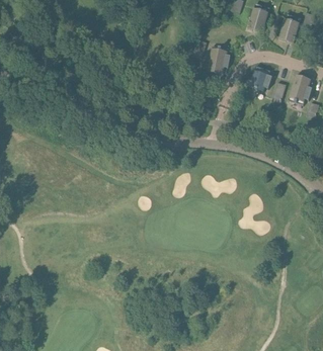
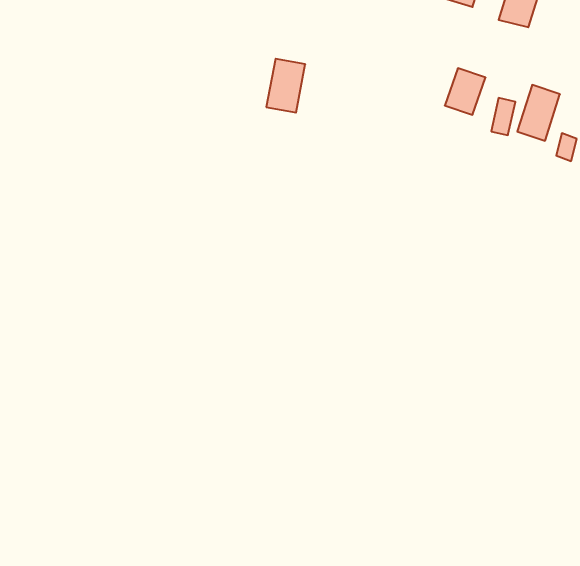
building: [208,45,229,74] -> [266,59,305,113]

